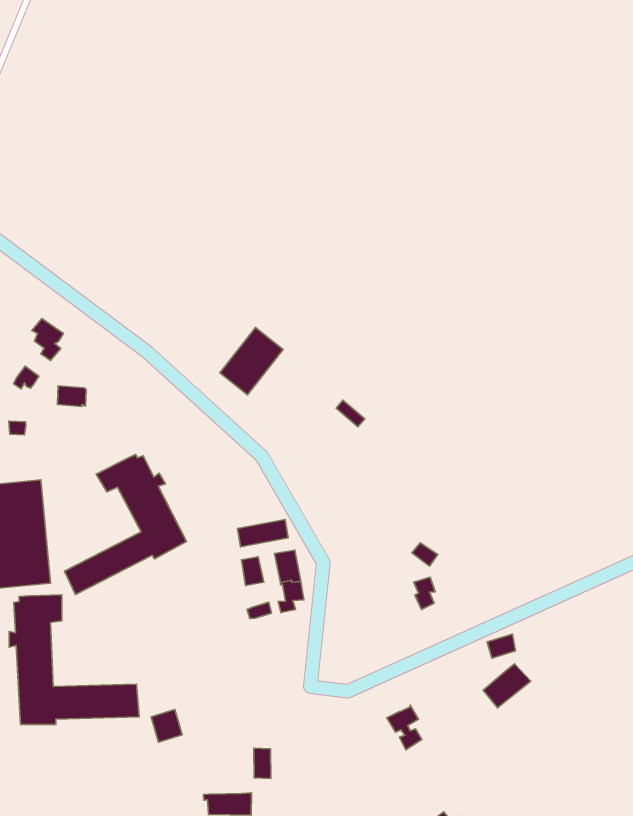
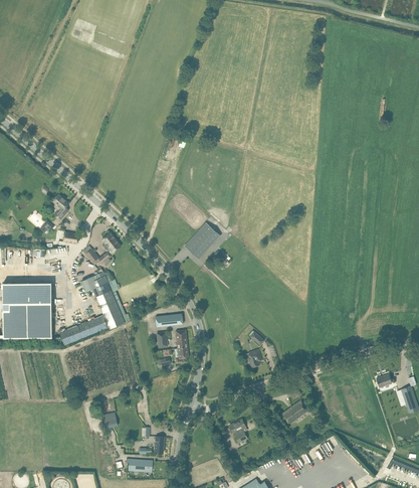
building: [220,328,283,395] -> [184,223,219,260]
building: none -> [81,232,121,265]
building: [9,595,139,725] -> none

